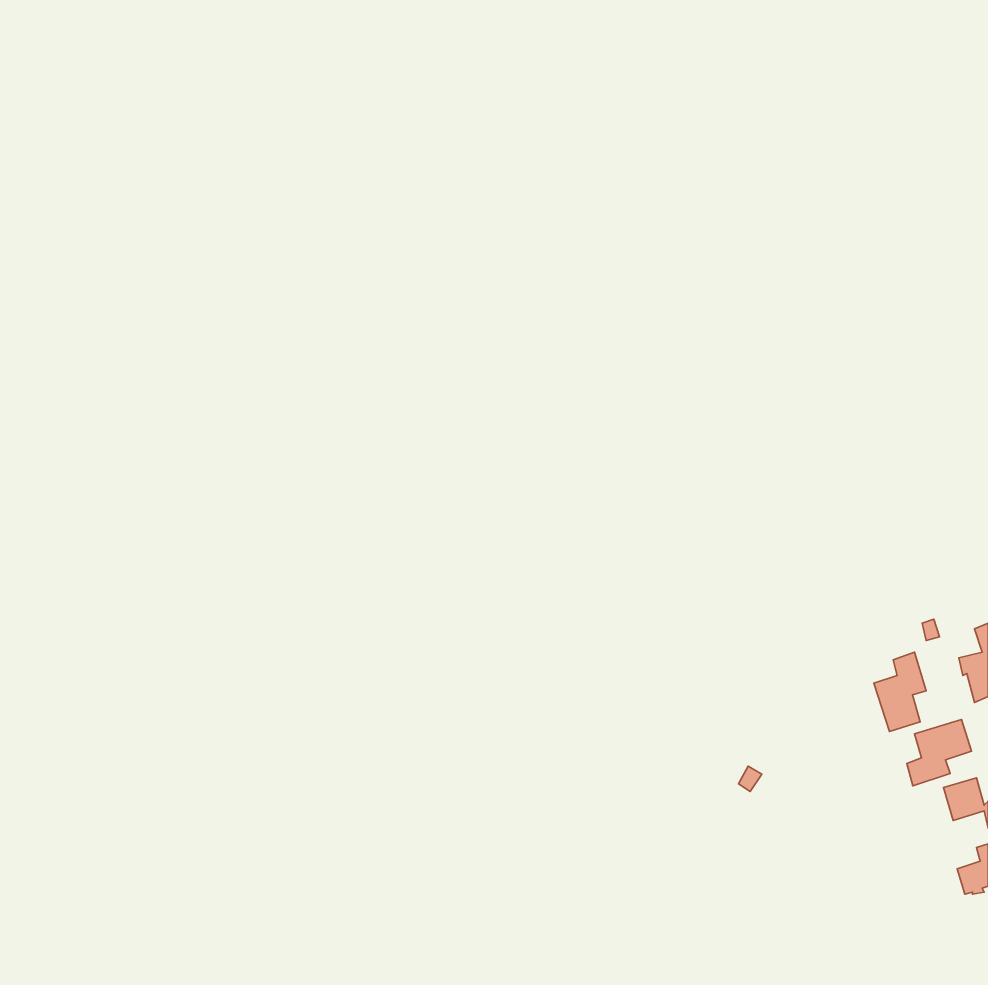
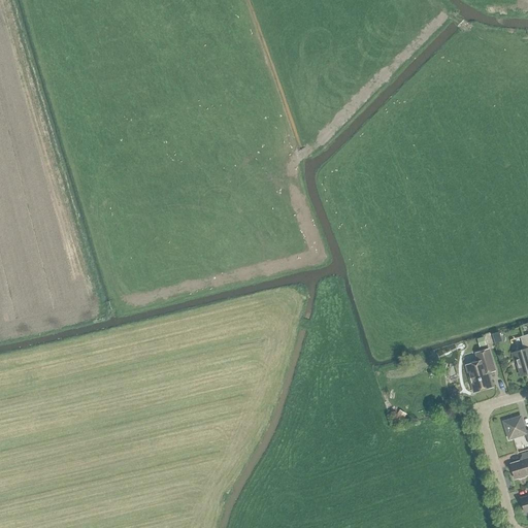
building: [907,719,971,786] -> none

